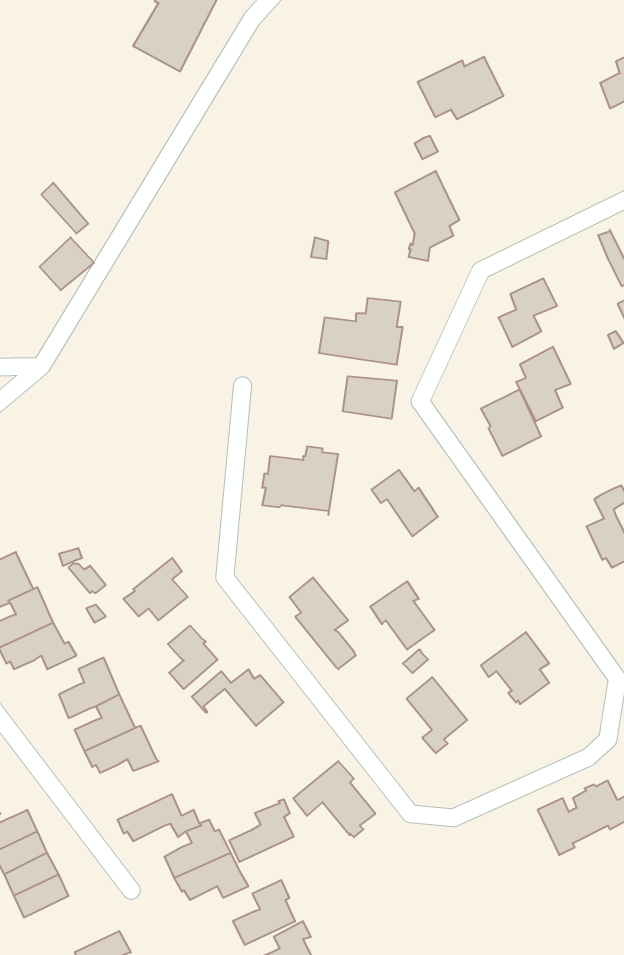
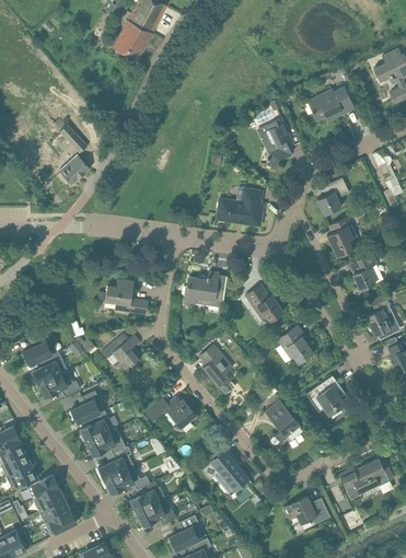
building: [418,57,504,119] -> [306,88,355,123]
building: [343,376,397,419] -> none
building: [481,389,541,456] -> [348,254,382,291]
building: none -> [104,280,148,315]
building: [370,581,435,650] -> [277,326,313,364]
building: [168,626,218,689] -> none
building: [229,799,294,862] -> [97,446,134,481]
building: none -> [282,497,329,525]

